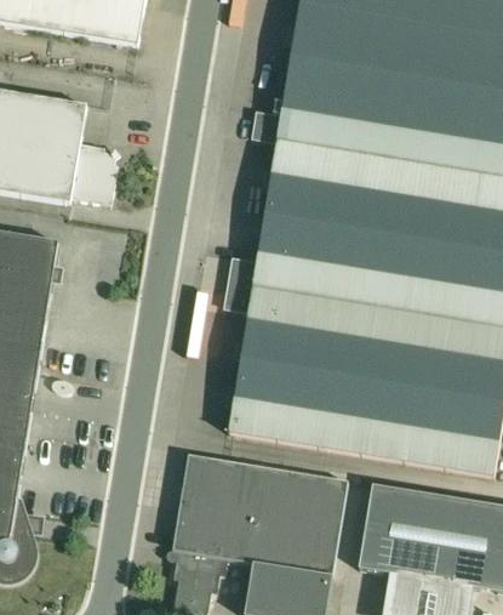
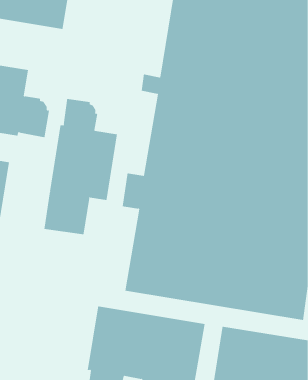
building: none -> [44,98,117,235]

